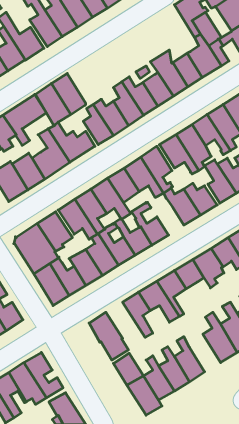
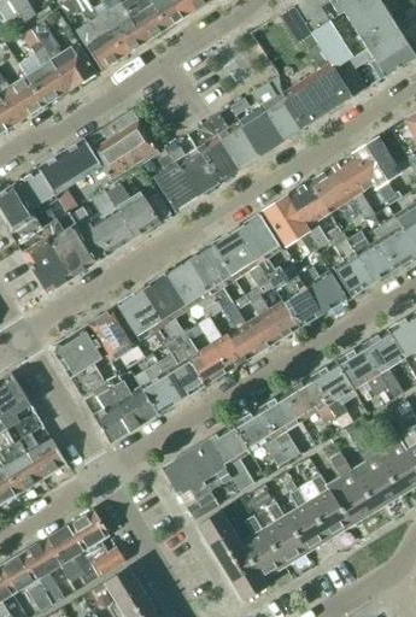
building: none -> [245,281,299,341]
building: none -> [187,437,244,490]
building: none -> [307,474,352,537]

